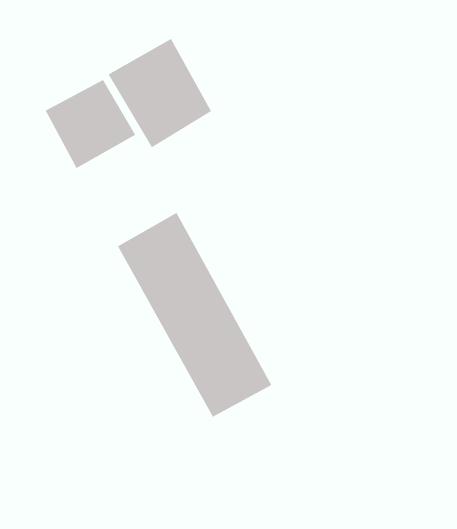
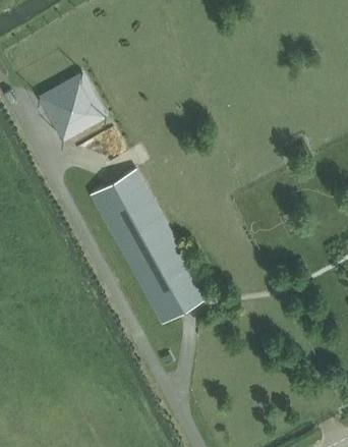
building: [108,38,212,148] -> none

